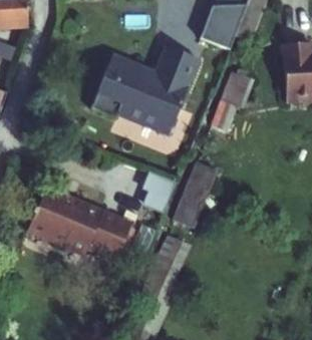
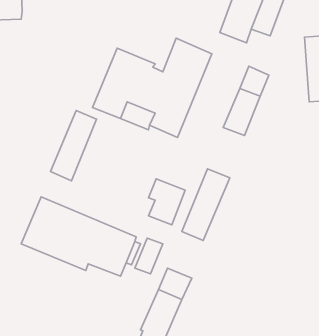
building: none -> [50,111,97,181]

